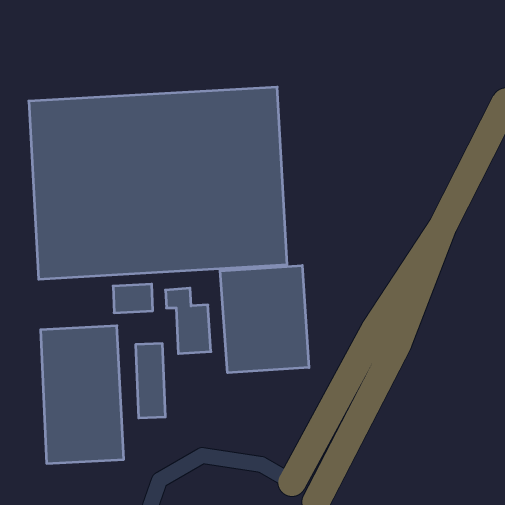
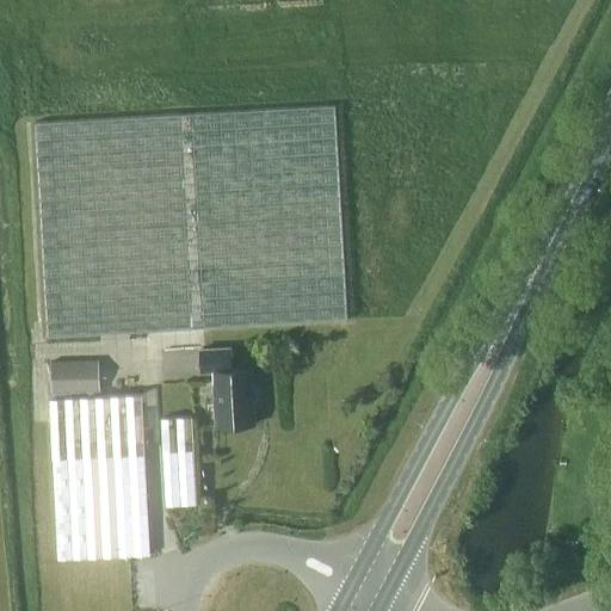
building: [220,265,309,373] -> none
building: [113,284,153,313] -> [53,360,100,395]

